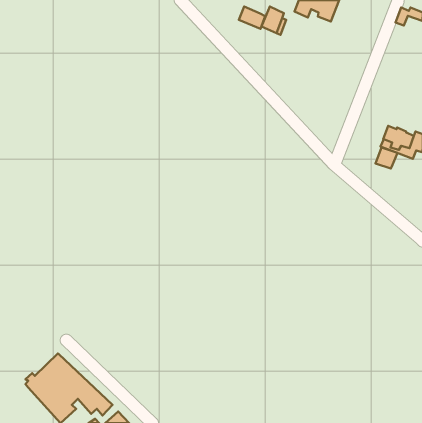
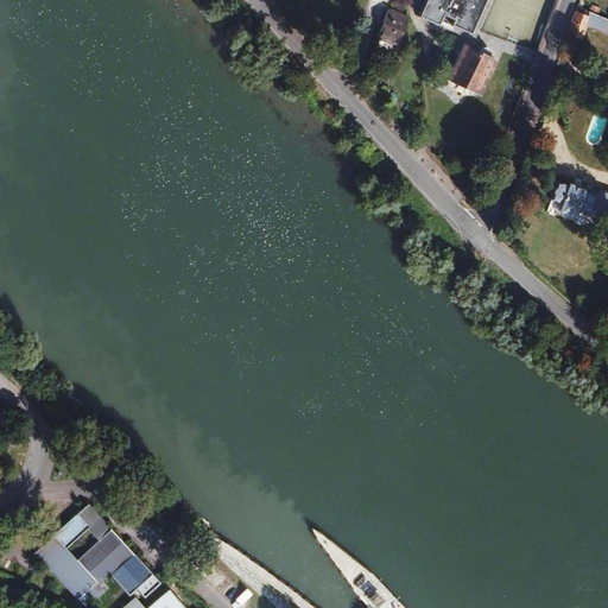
building: [239,7,265,29] -> none
building: none -> [445,49,493,89]
building: [376,147,397,169] -> none

